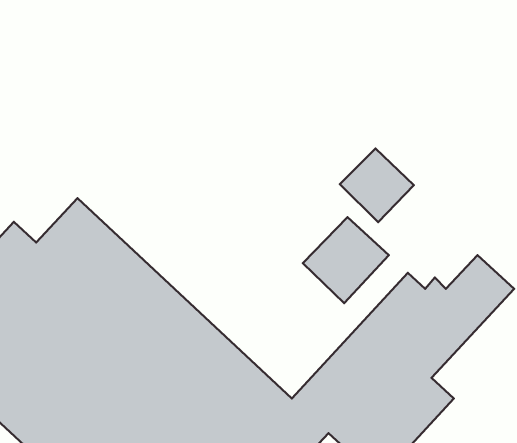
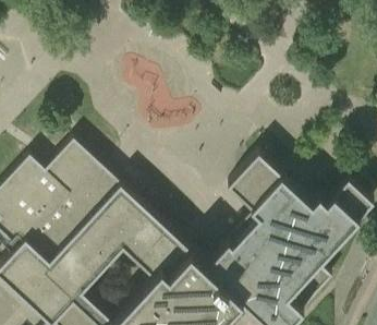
building: [340,148,414,222] -> none

